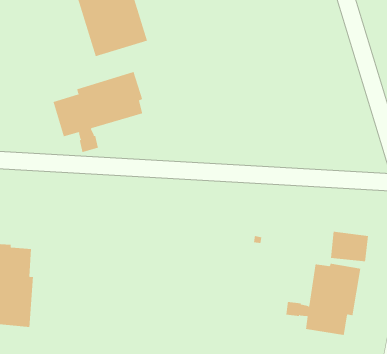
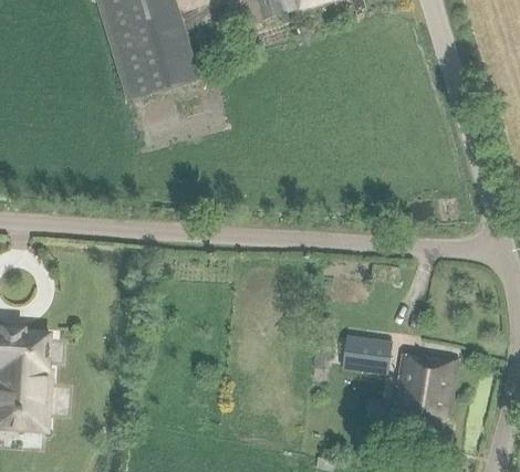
building: [53,71,143,153] -> none
building: [330,231,369,262] -> [343,335,391,373]

